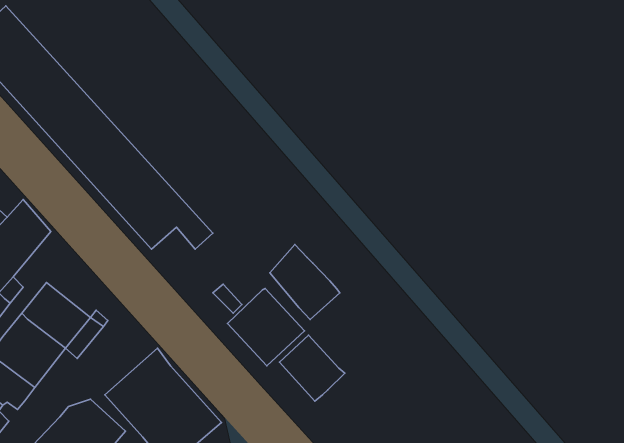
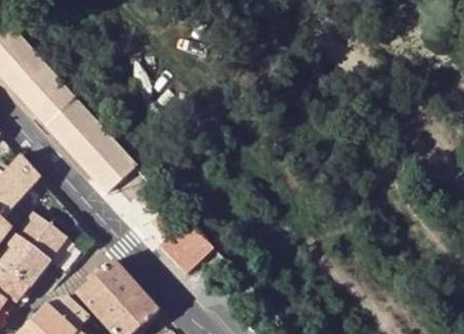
building: [270,244,340,319] -> none
building: [280,335,345,401] -> none

